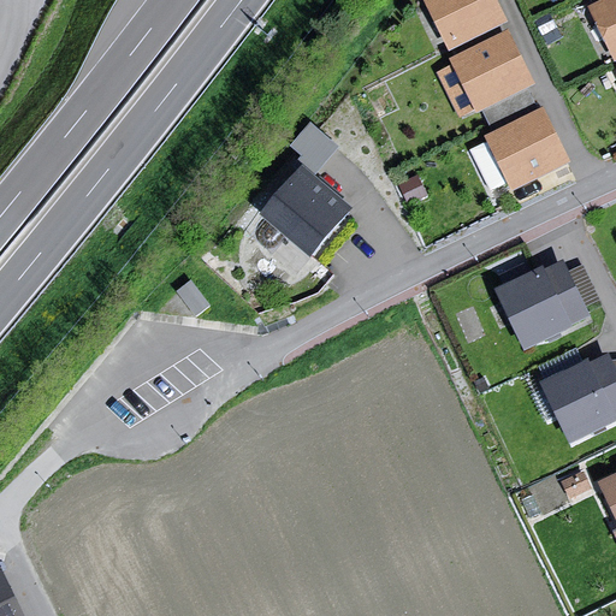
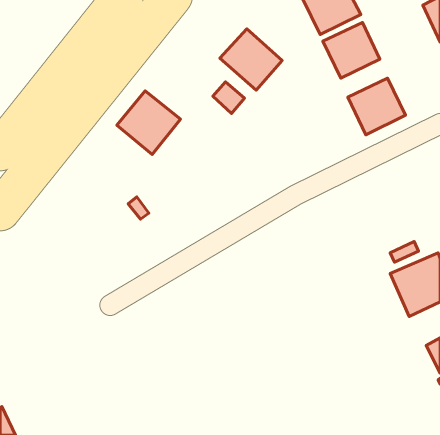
building: none -> [220,29,282,90]
building: [266,167,355,256] -> [117,91,180,154]
building: [493,260,587,349] -> none

